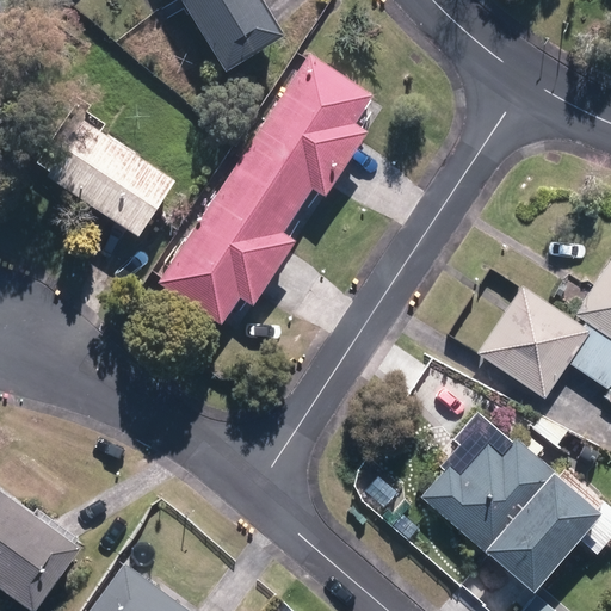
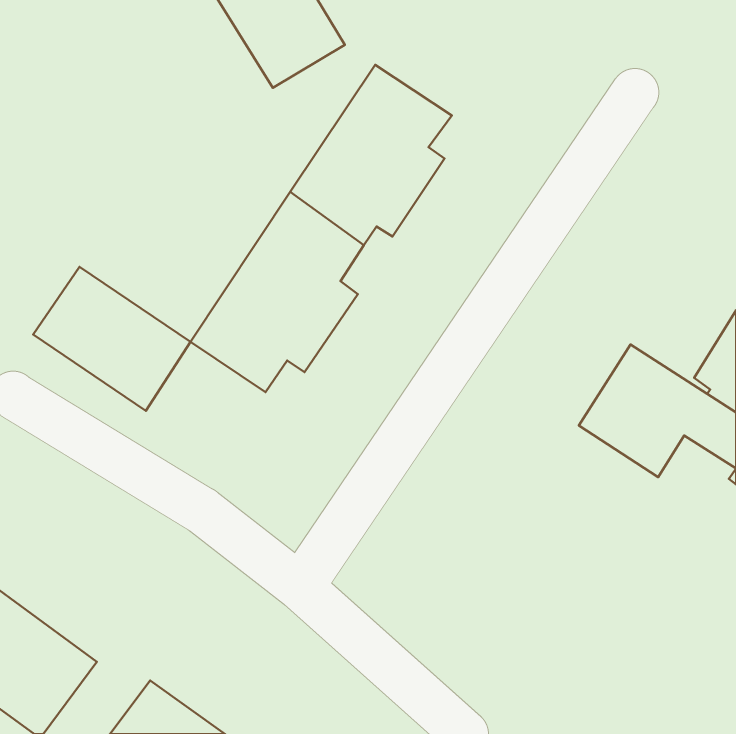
building: [45,119,175,239] -> [33,267,190,411]
building: [420,438,601,592] -> none

